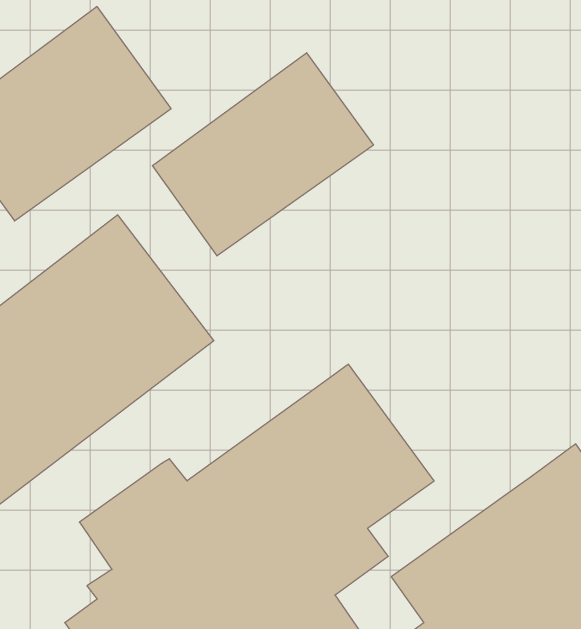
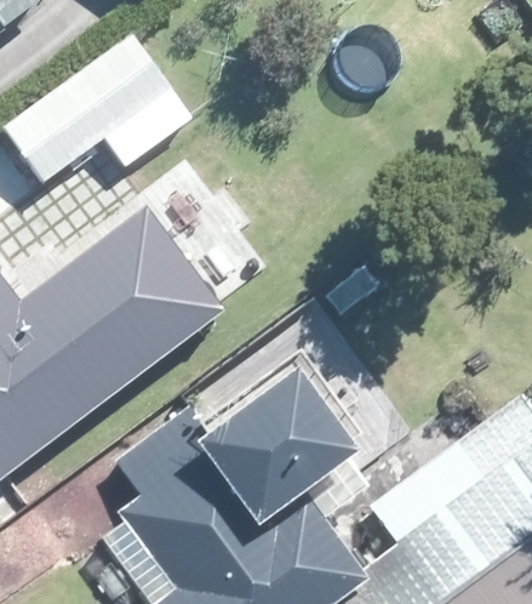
building: [152,53,373,256] -> none

